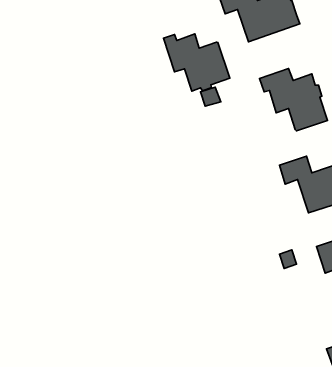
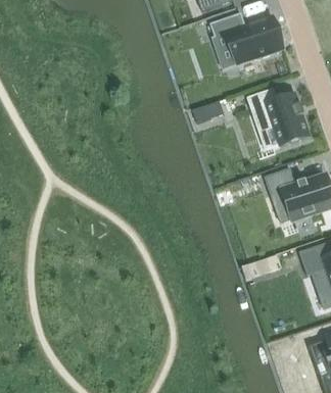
building: [163,34,230,91] -> none

